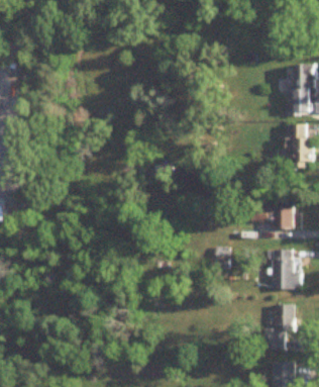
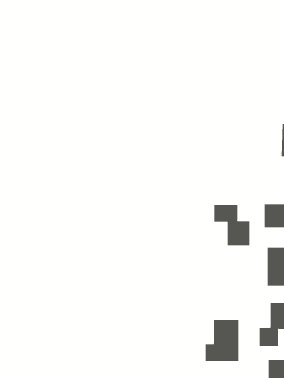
building: none -> [214,204,250,246]
building: none -> [205,319,239,362]

